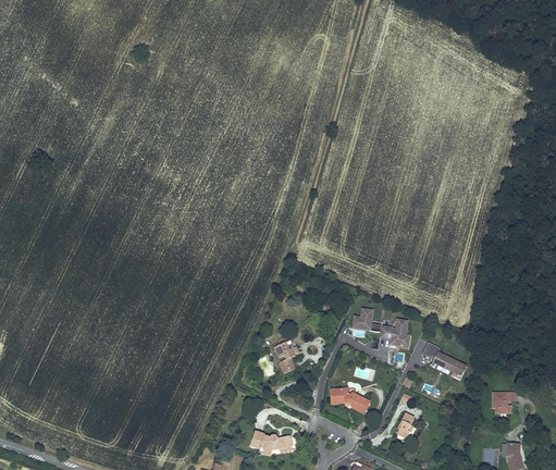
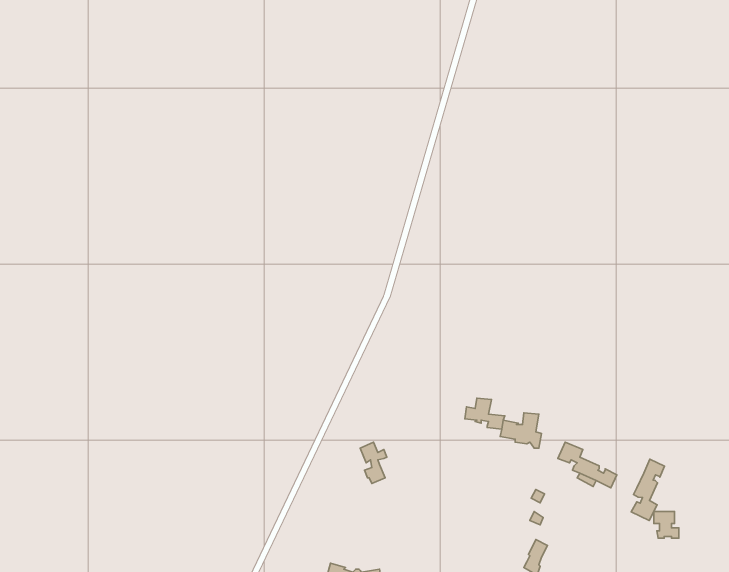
building: none -> [631,459,665,520]
building: [331,388,370,413] -> none

